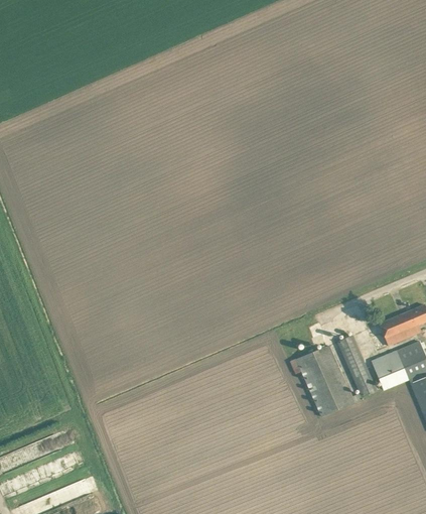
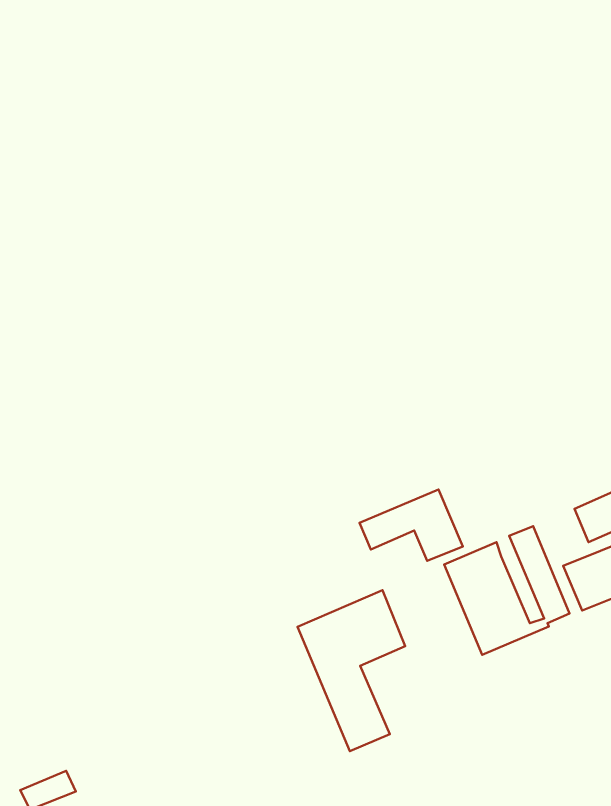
building: none -> [359,490,463,561]
building: none -> [297,590,405,751]

